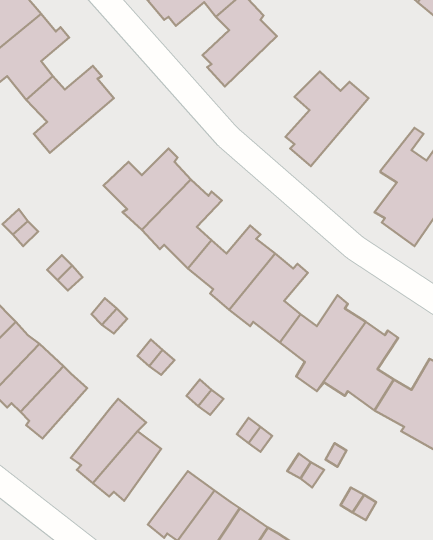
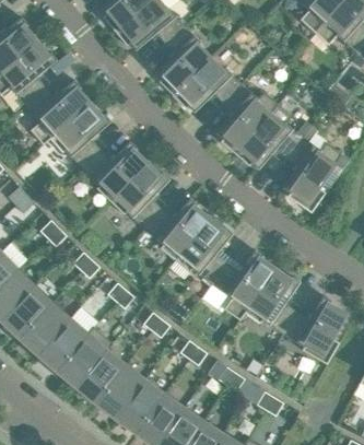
building: none -> [172,57,242,110]
building: none -> [43,103,110,167]
building: none -> [235,103,312,168]
building: none -> [37,317,87,368]
building: none -> [97,362,144,418]

